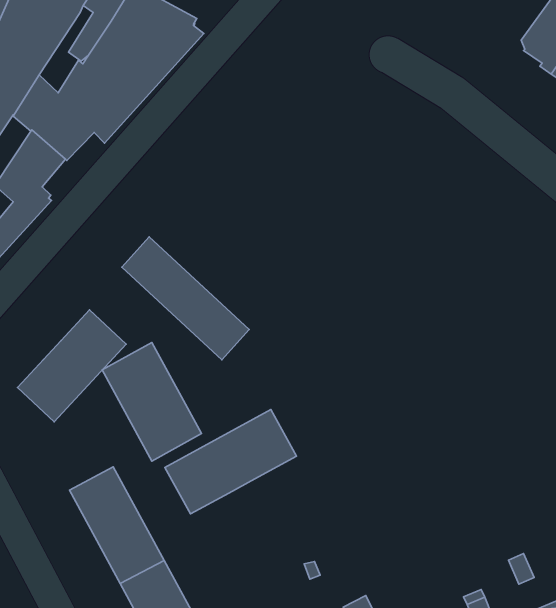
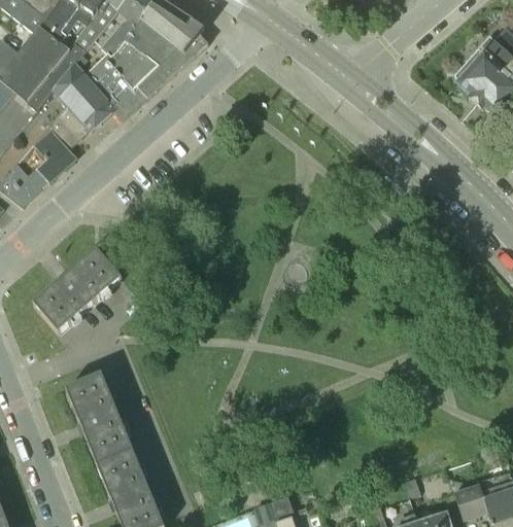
building: [122,237,249,360] -> none
building: [102,342,201,461] -> none
building: [165,410,297,514] -> none

